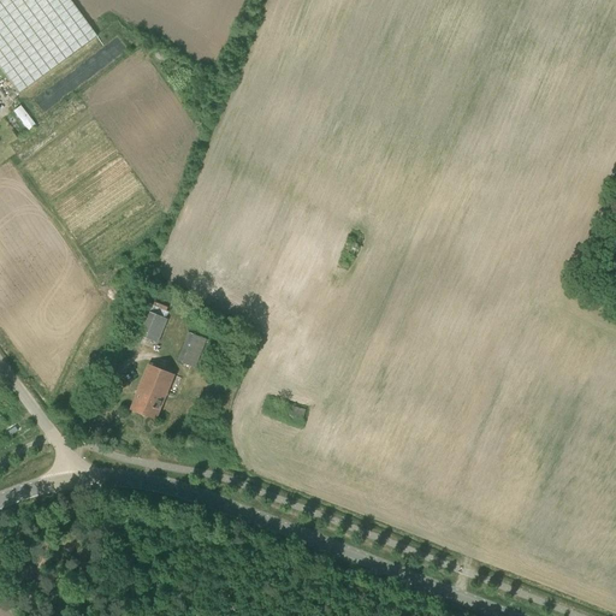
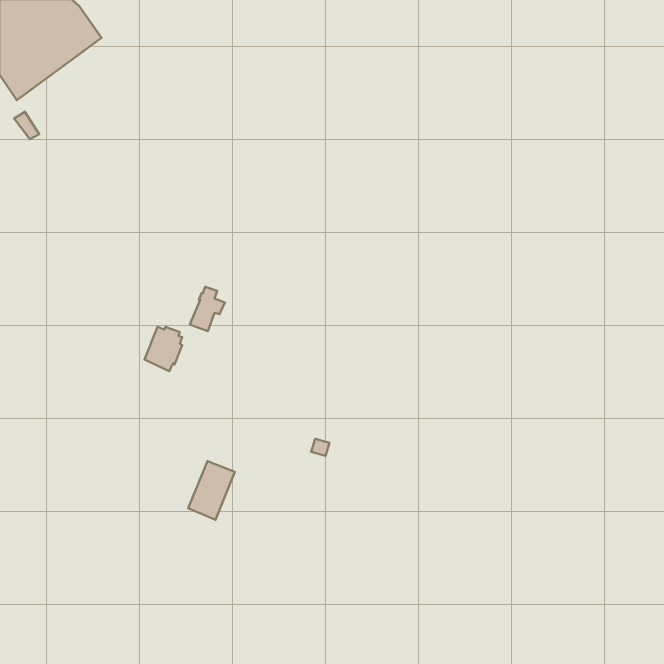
building: [176,325,208,366] -> [190,287,225,331]
building: [130,365,173,419] -> [188,461,235,520]

